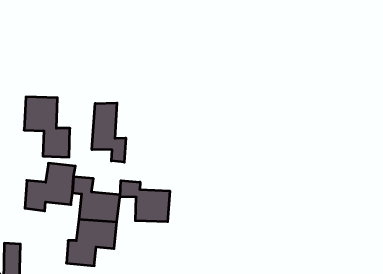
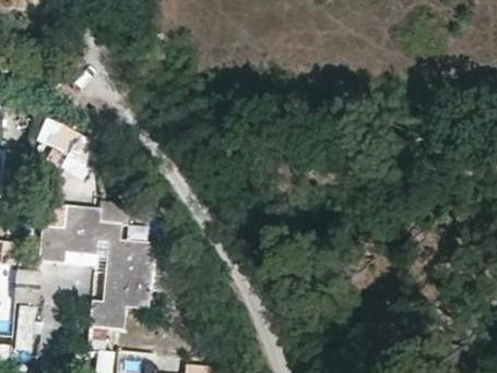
building: [92,103,126,162] -> none
building: [120,181,170,222] -> none

